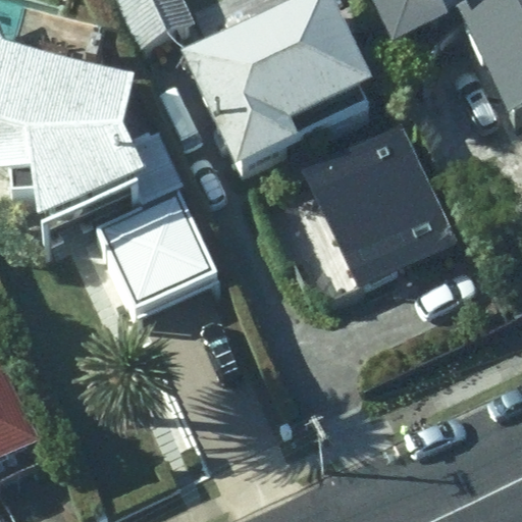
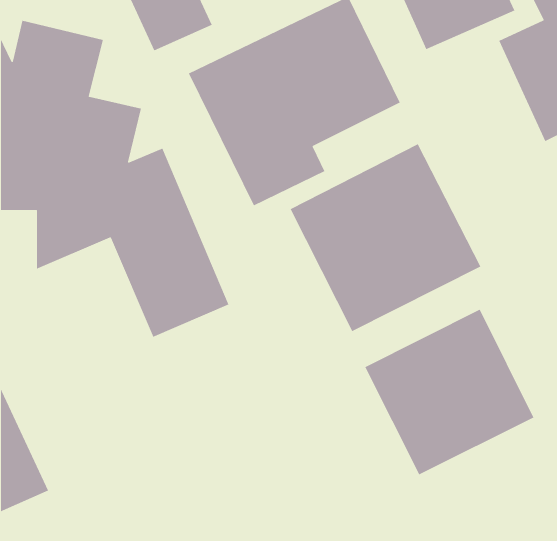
building: none -> [364,308,534,476]

